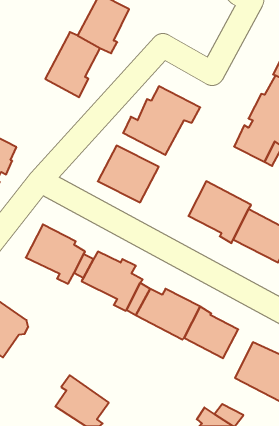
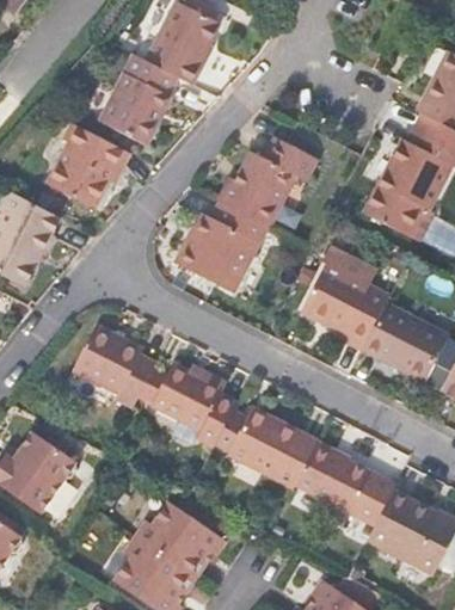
building: none -> [45,122,129,209]
building: none -> [134,503,223,575]

